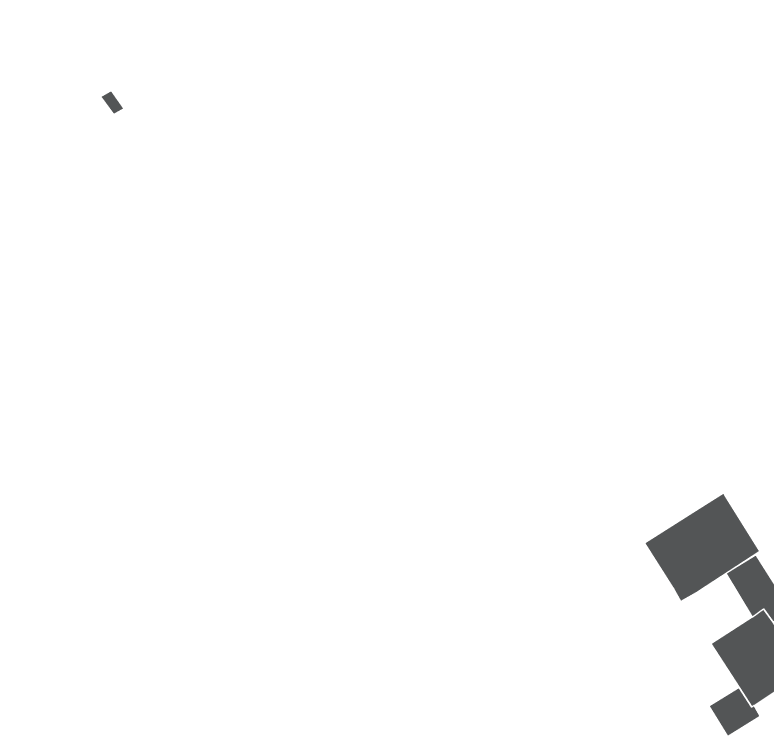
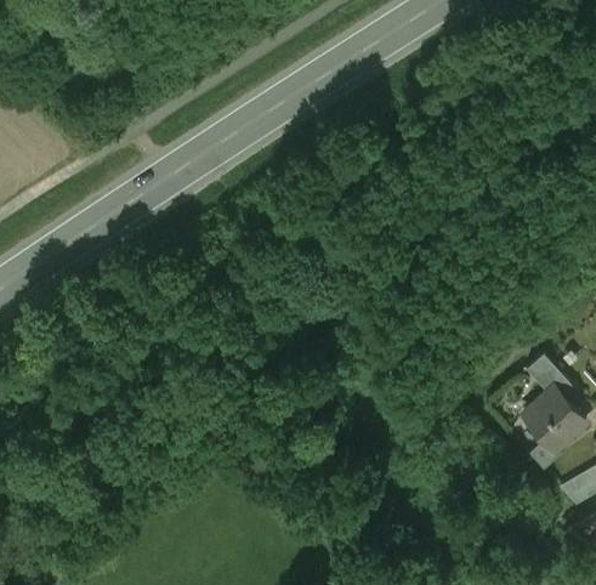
building: [645,493,760,601] -> none

